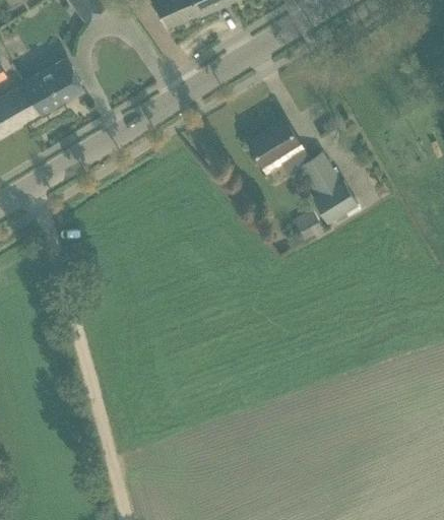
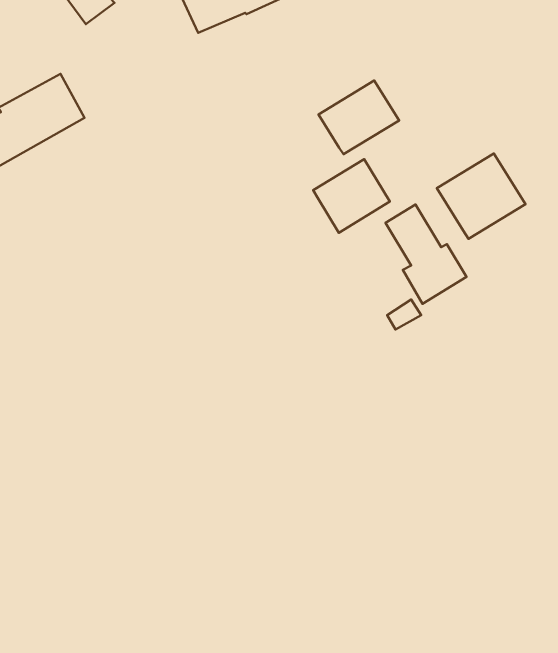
building: none -> [319,81,399,154]
building: none -> [437,153,525,239]

